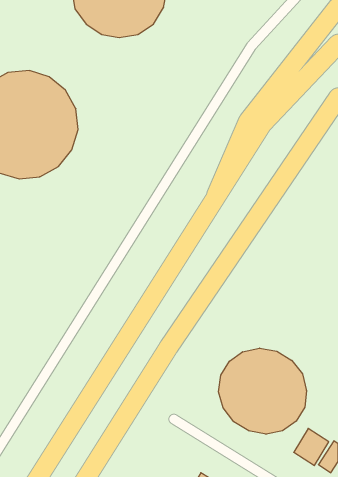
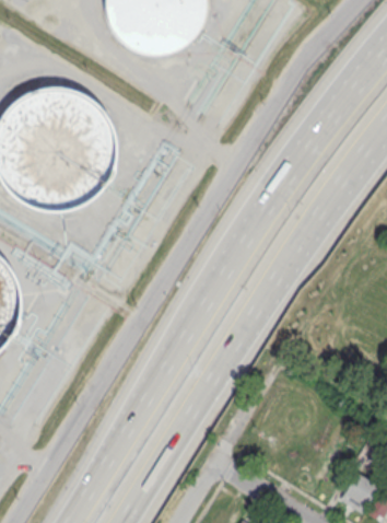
building: [218,348,306,434] -> none

